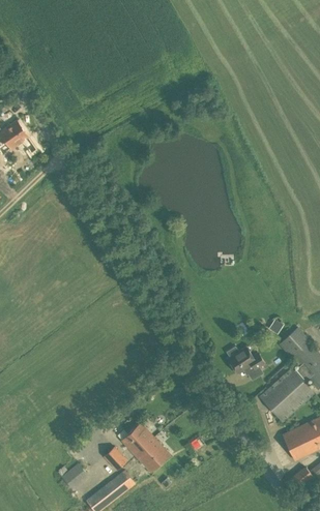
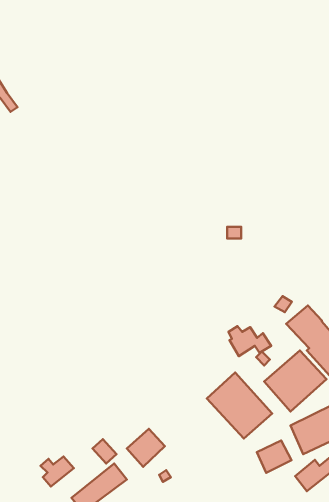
building: none -> [207,372,272,438]
building: [120,422,154,455] -> none
building: none -> [257,441,291,473]

